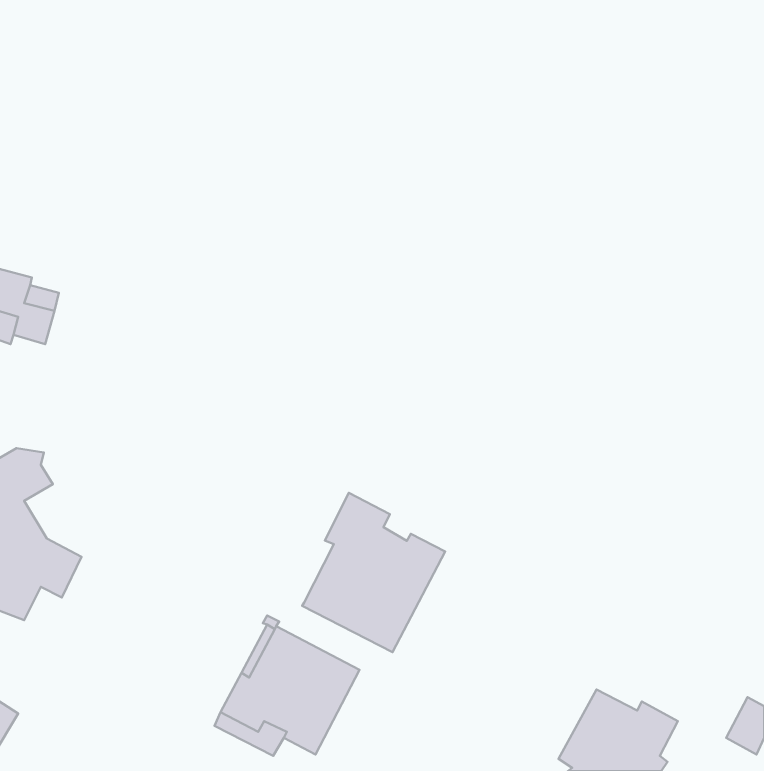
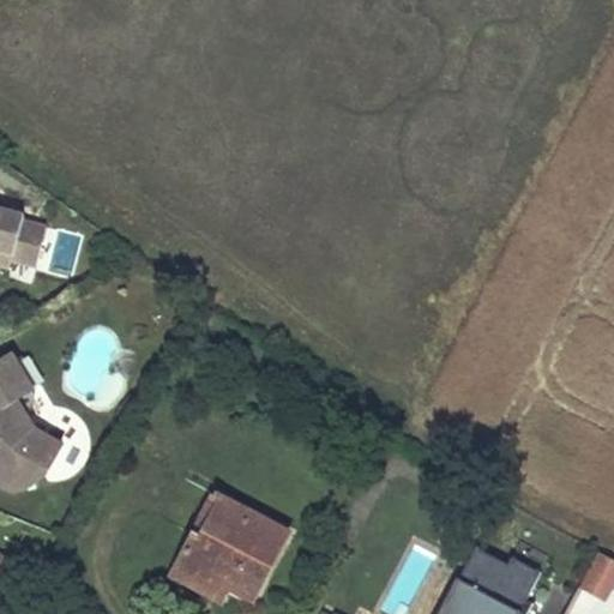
building: [302,493,445,652] -> none

